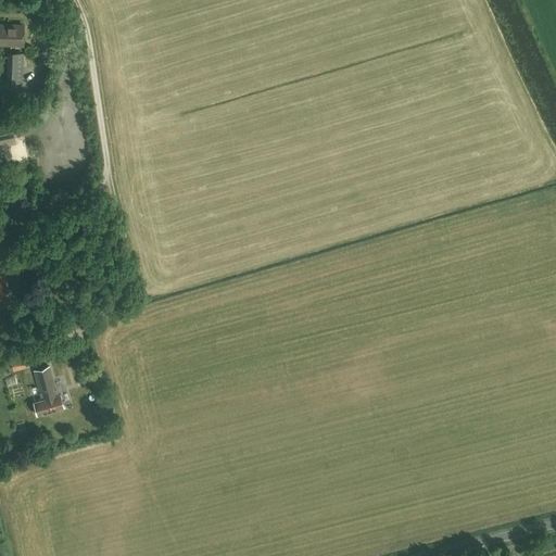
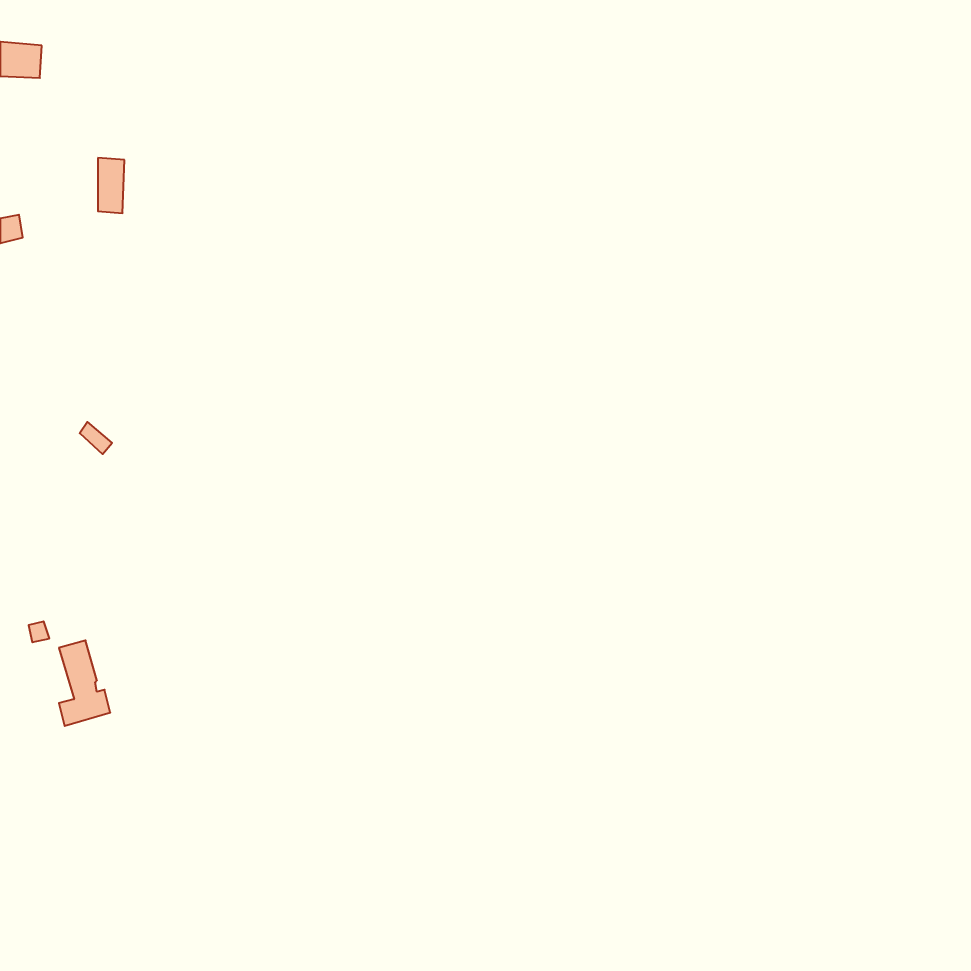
building: [10,53,25,85] -> [98,158,124,213]

